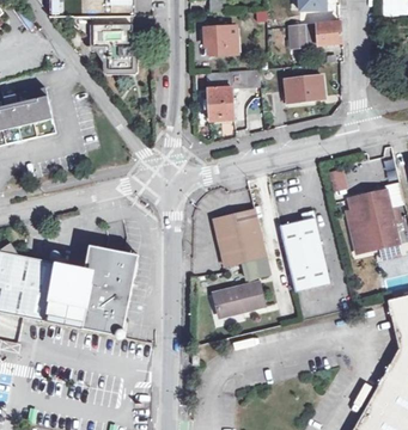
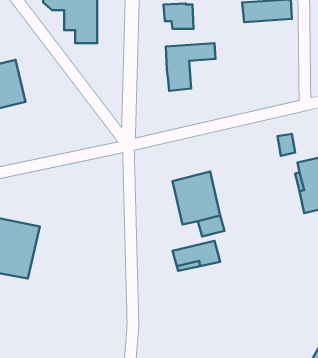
building: [285,75,324,102] -> none
building: [279,210,330,291] -> none
building: [56,247,136,337] -> none

